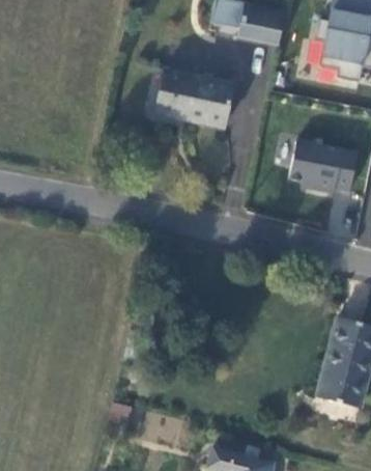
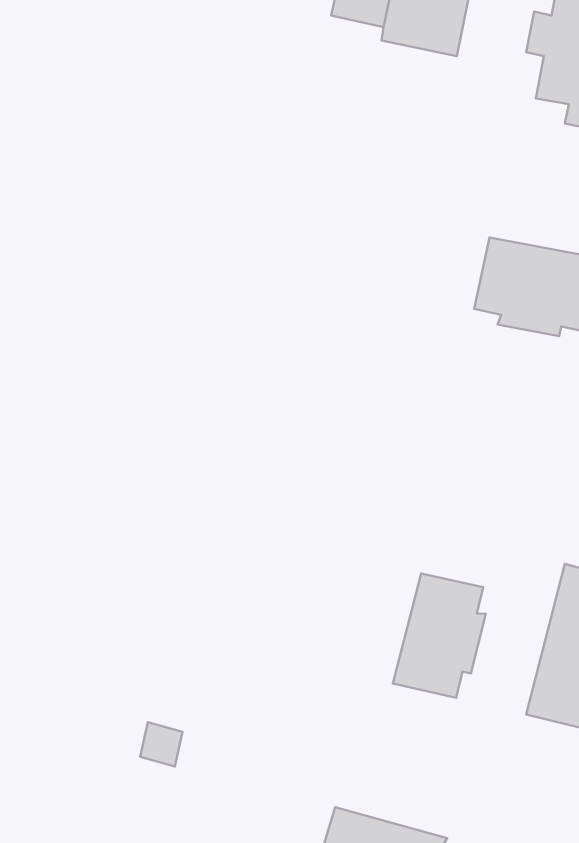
building: [154,67,233,127] -> none
building: none -> [393,573,486,698]

